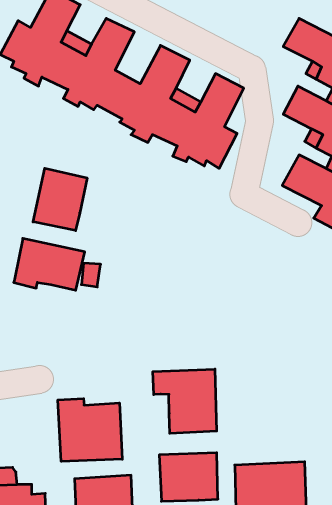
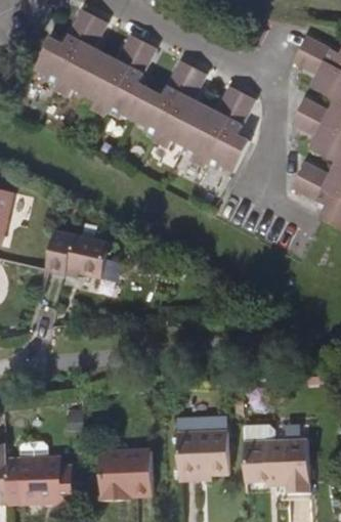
building: [33,168,87,231] -> none
building: [153,369,217,433] -> none
building: [58,399,122,461] -> none

